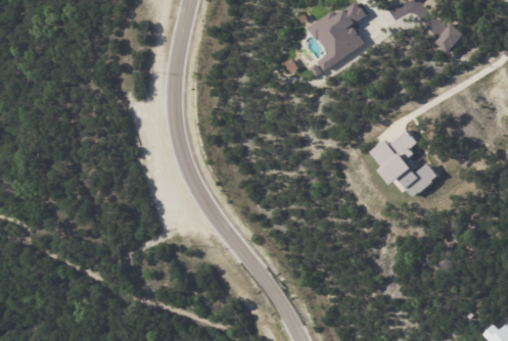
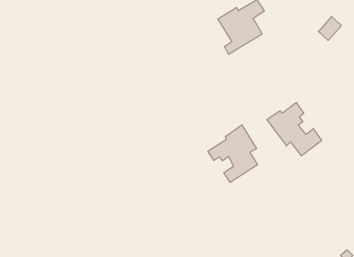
building: none -> [208,125,258,183]

